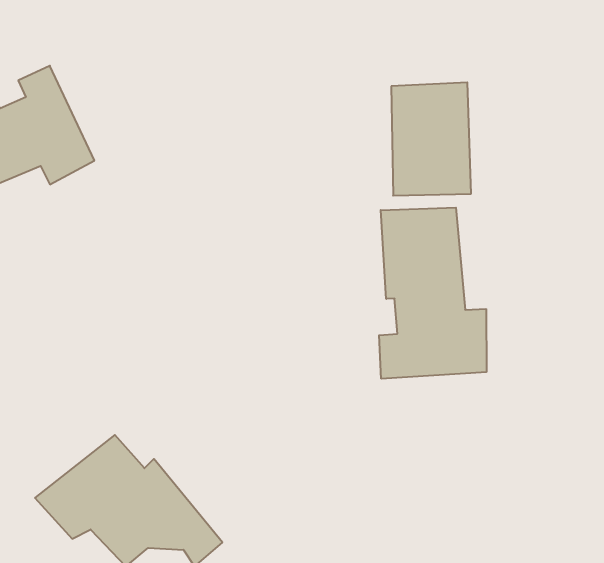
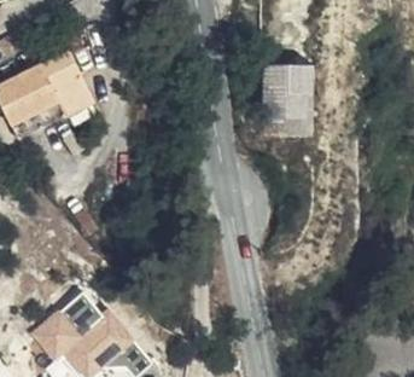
building: [379,208,486,379] -> none

